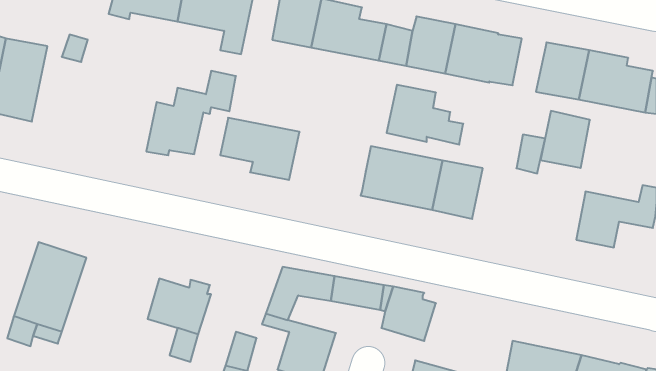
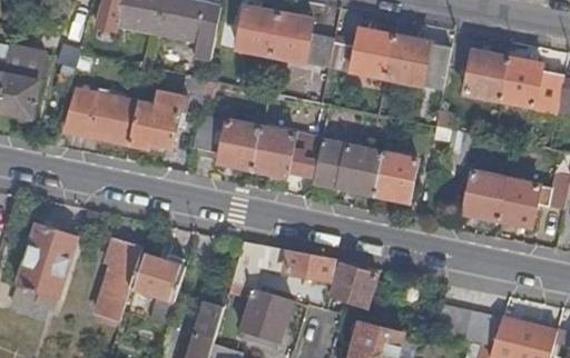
building: [387,85,463,145] -> [250,128,316,179]
building: none -> [65,90,137,145]
building: [541,111,590,168] -> [462,171,504,220]
building: none -> [95,238,141,320]

